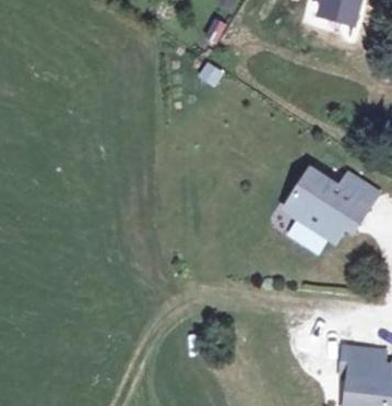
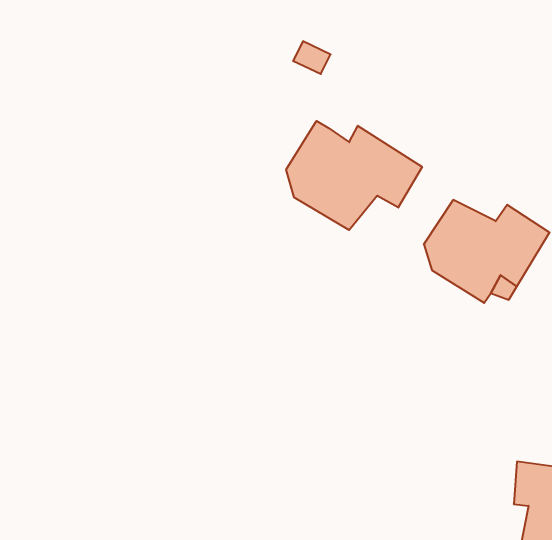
building: none -> [286,121,422,230]

